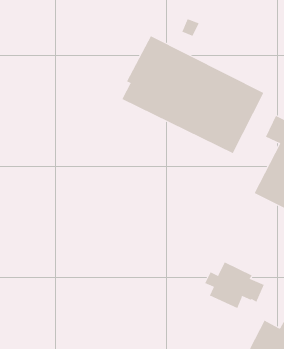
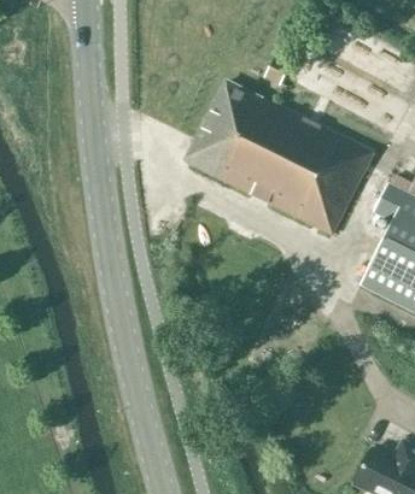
building: [205,262,264,309] -> none

